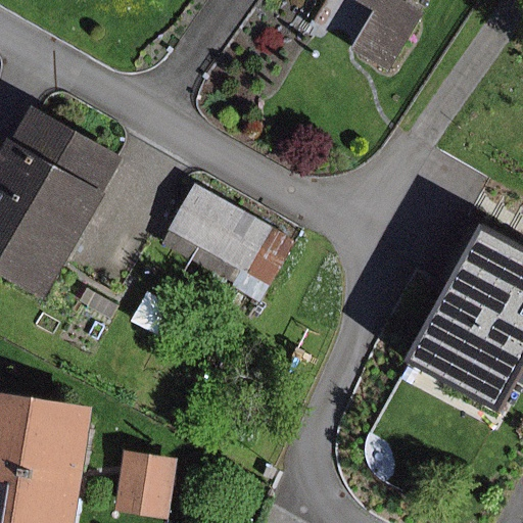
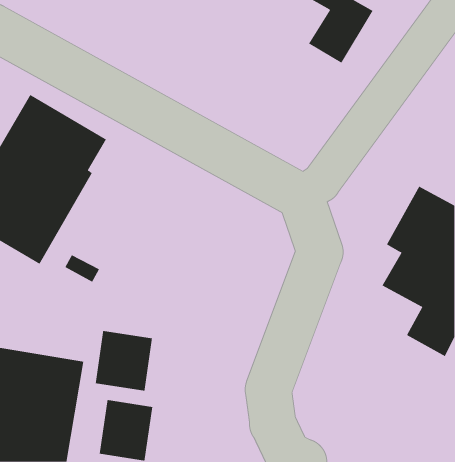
building: [159,184,288,296] -> none
building: none -> [95,330,153,391]

